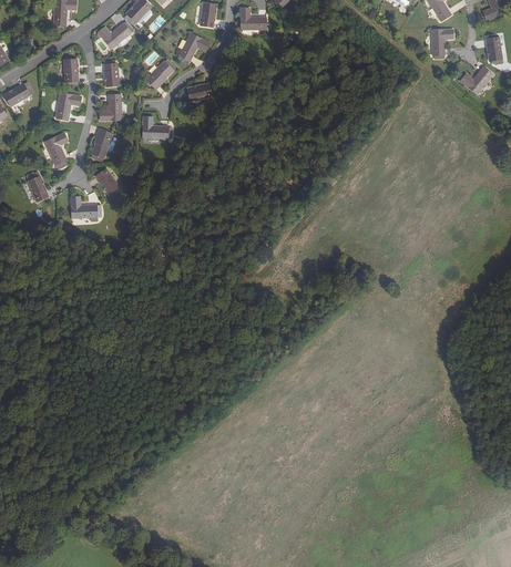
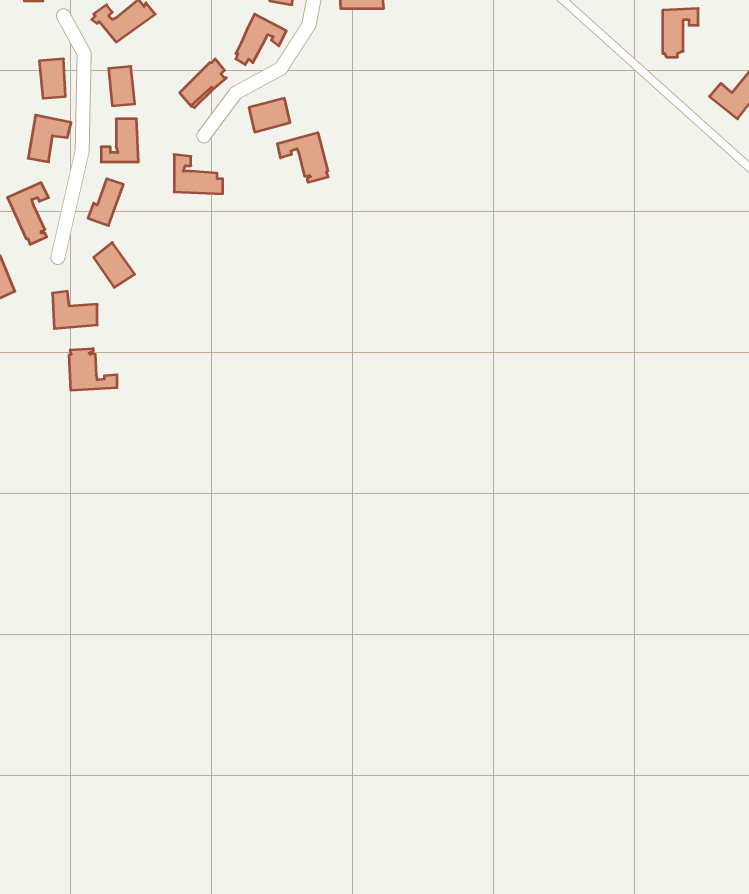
building: none -> [277,133,328,182]
building: none -> [69,348,117,390]

